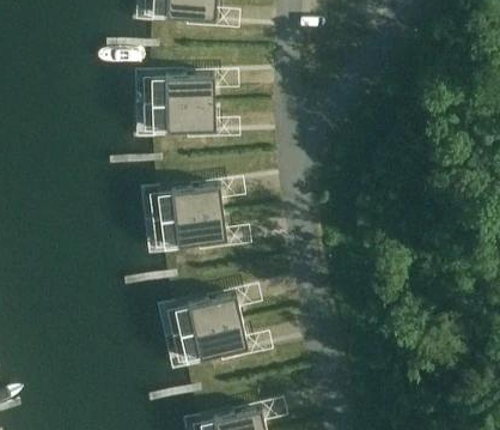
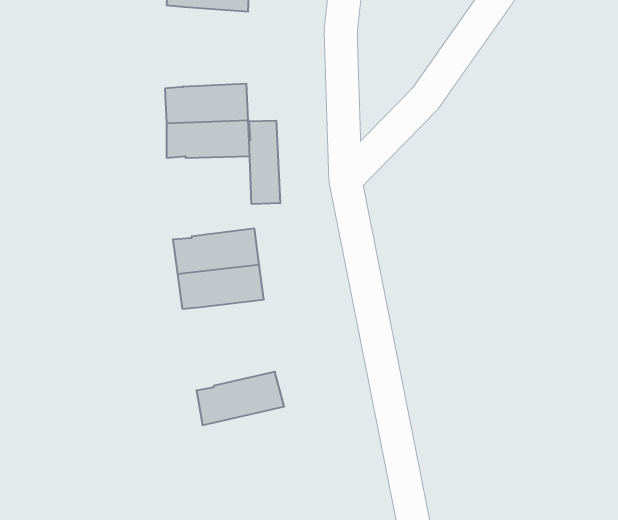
building: none -> [249,121,280,204]
building: [178,321,246,361] -> none

